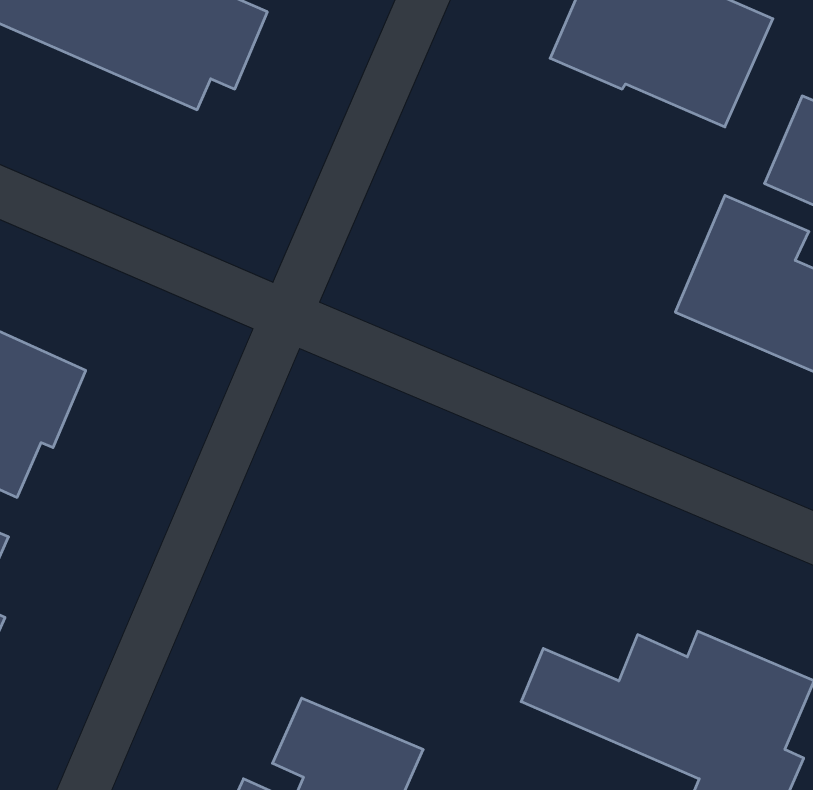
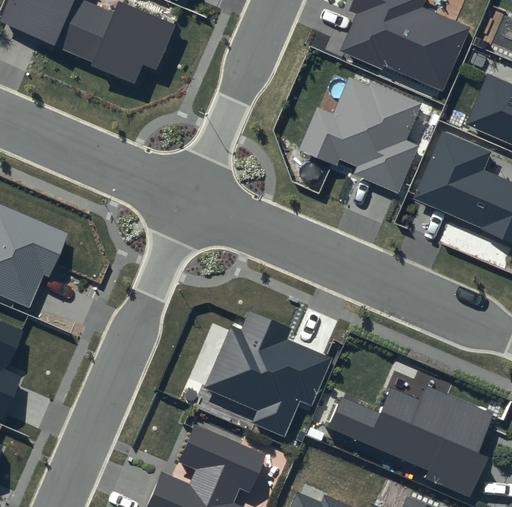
building: none -> [299,77,421,193]
building: none -> [204,311,332,436]

